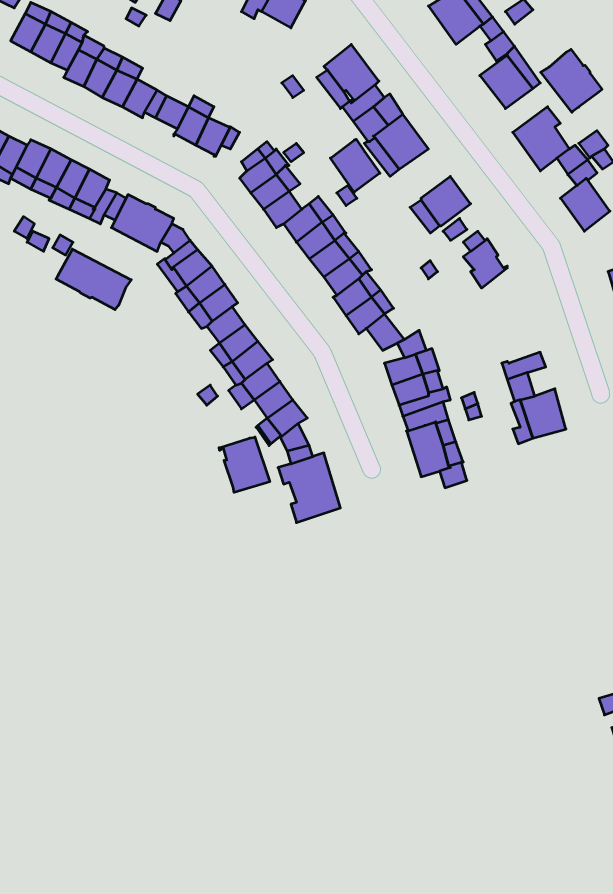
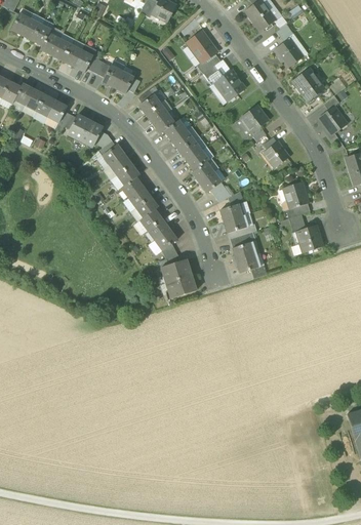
building: [541,49,602,112] -> none
building: [330,139,380,192] -> none
building: [56,249,131,310] -> none
building: none -> [282,180,308,208]
building: [219,437,270,492] -> none

